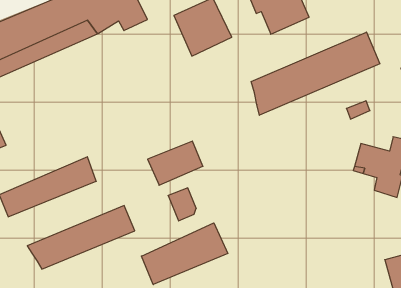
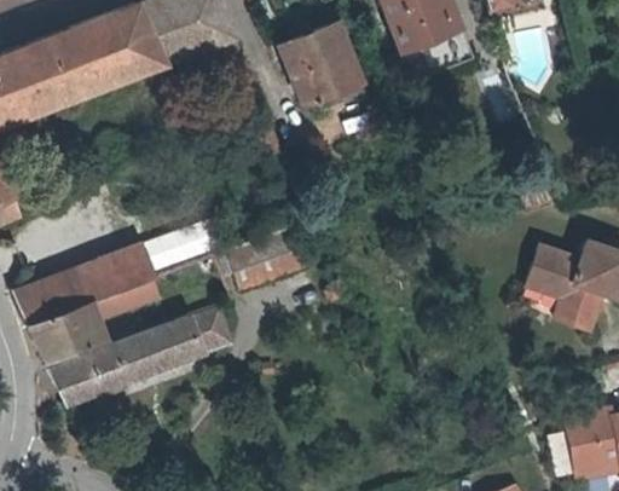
building: [251,32,380,115] -> none
building: none -> [22,279,161,365]
building: [168,188,196,221] -> [191,307,231,354]
building: [141,223,228,285] -> none

